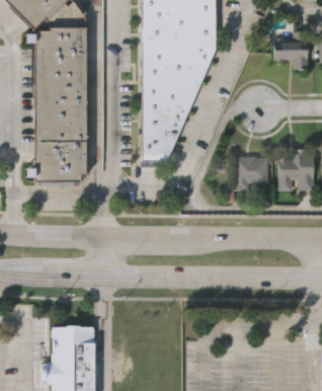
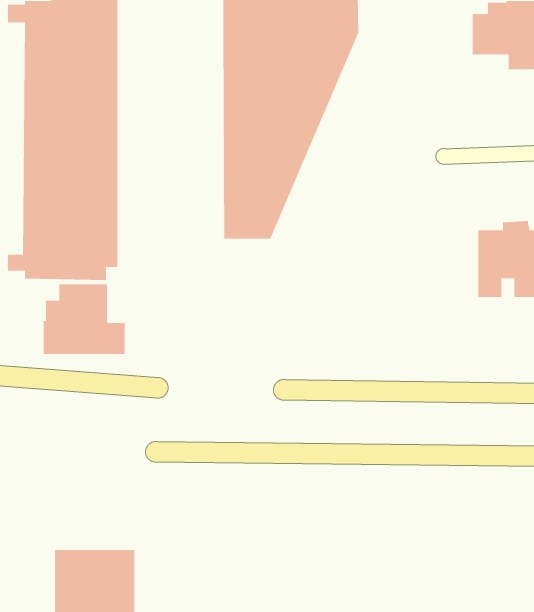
building: [235,156,269,189] -> none
building: none -> [43,284,125,355]

